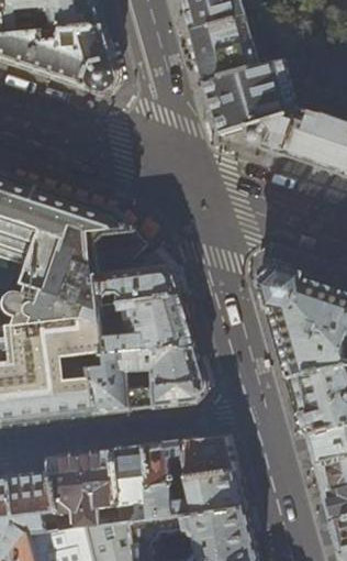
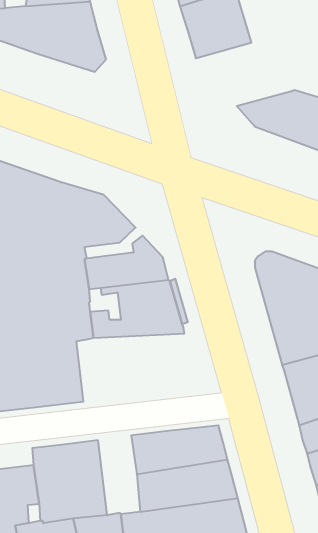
building: [204,64,298,134] -> none
building: [90,348,205,414] -> none
building: [110,447,150,524] -> none

